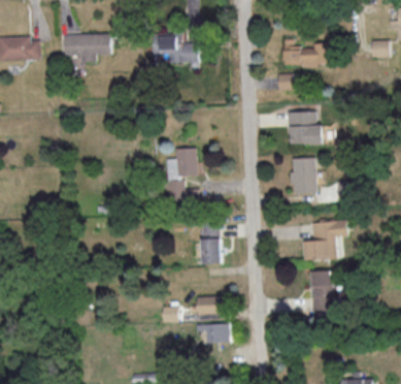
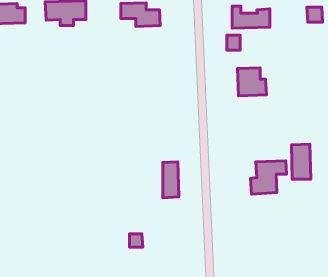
building: [166,148,198,204] -> none
building: [291,157,315,194] -> none
building: [310,270,333,312] -> [291,144,311,179]
building: [197,296,221,316] -> none
building: [195,323,231,343] -> none

